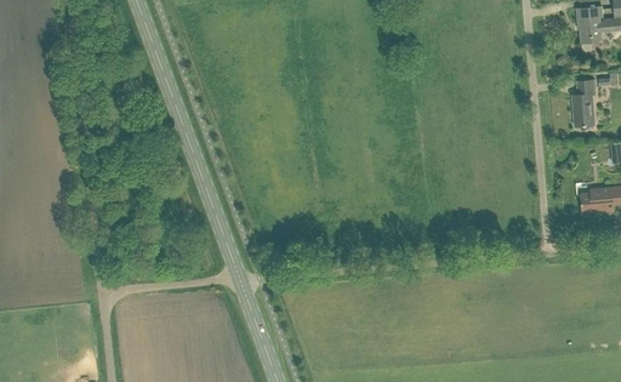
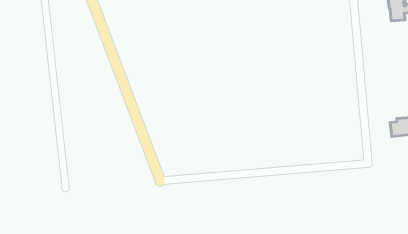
building: [570,79,594,126] -> none

